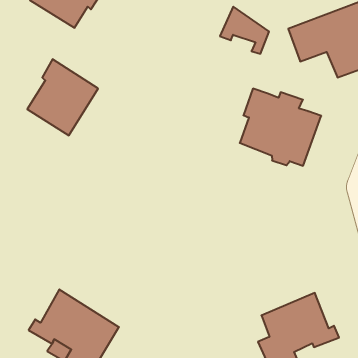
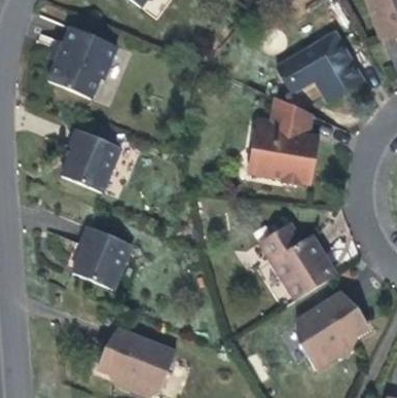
building: [220,7,269,54] -> [268,98,311,135]
building: none -> [72,225,132,289]
building: none -> [259,222,335,299]

